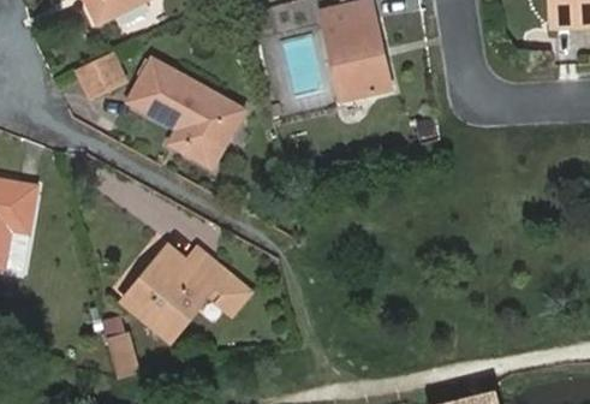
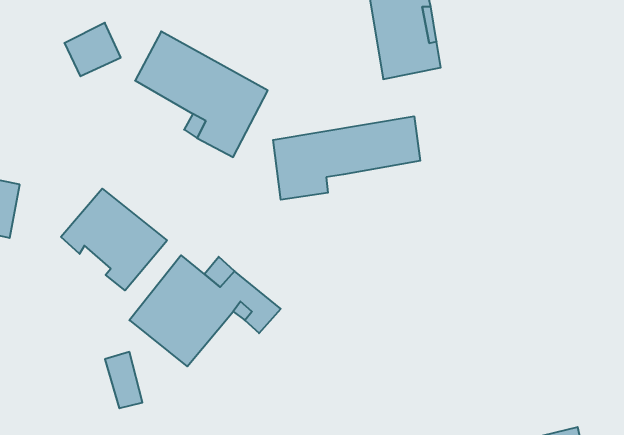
building: none -> [273,116,420,200]
building: none -> [61,189,167,290]

